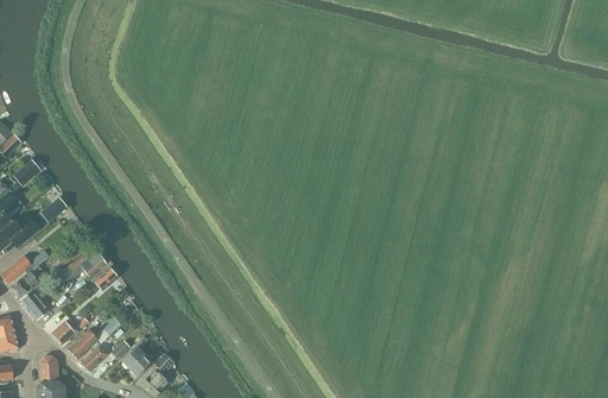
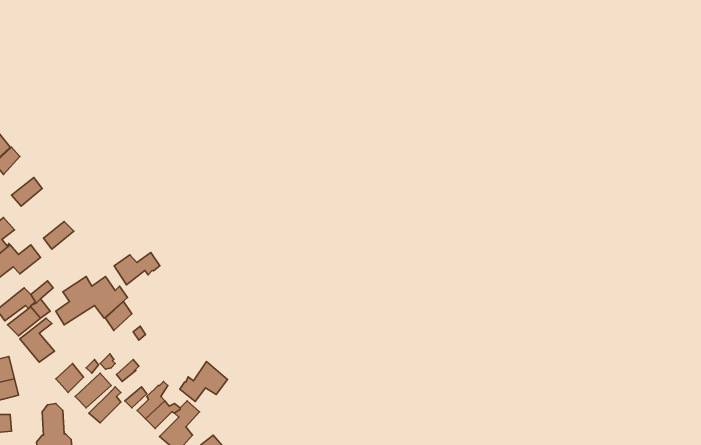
building: none -> [114,252,160,285]
building: none -> [180,362,228,401]

